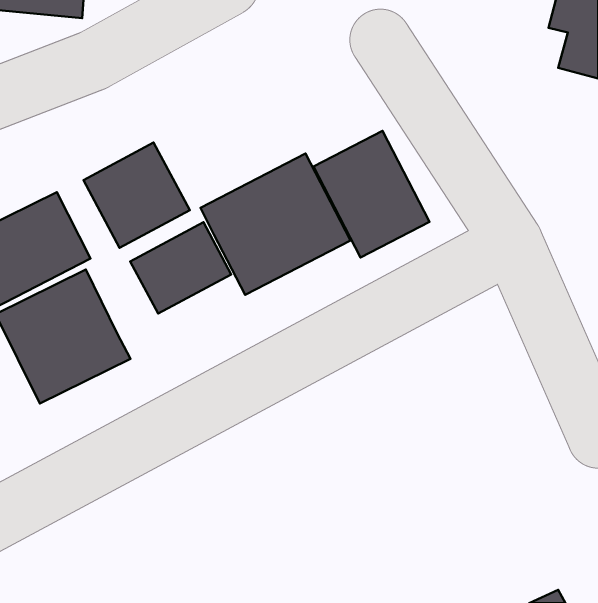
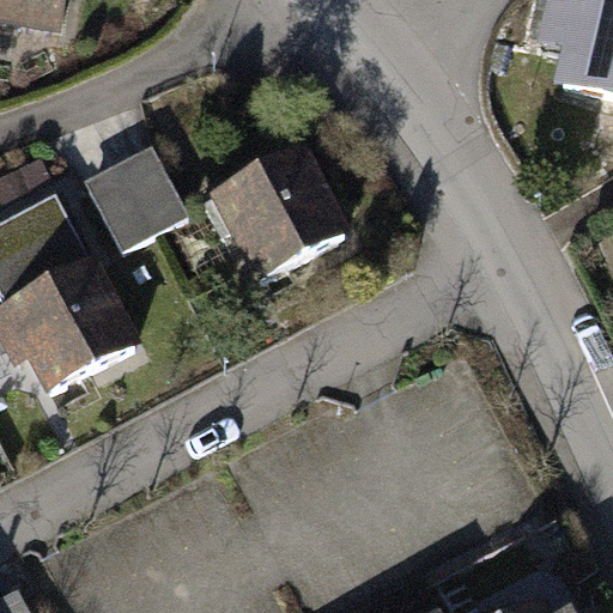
building: [314,131,430,257] -> none
building: [130,222,231,314] -> none

